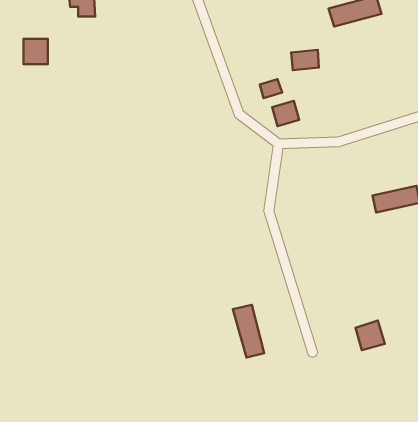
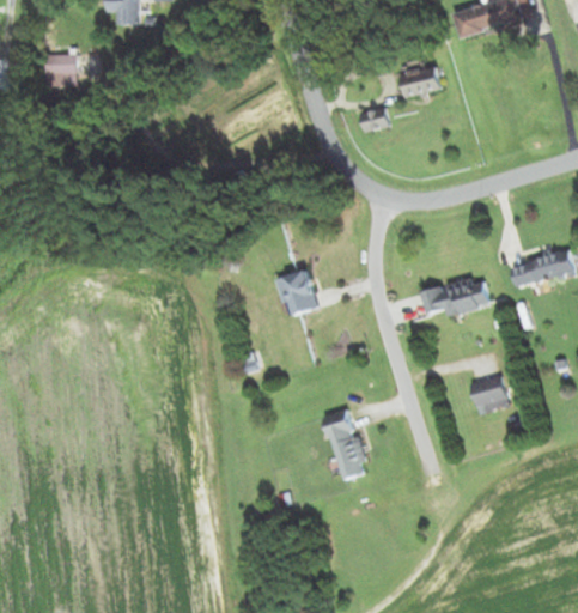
building: [272,101,299,126] -> none
building: none -> [282,272,316,316]
building: none -> [420,277,488,320]
building: [355,321,385,350] -> [469,375,509,414]

